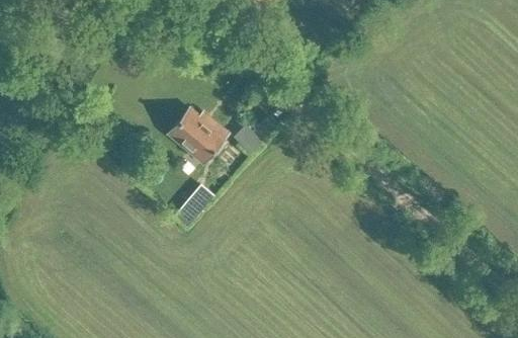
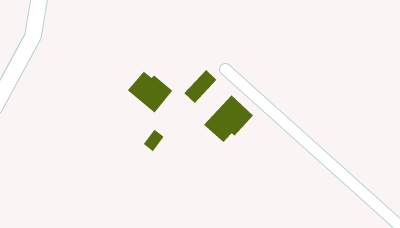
building: none -> [203,94,254,143]

